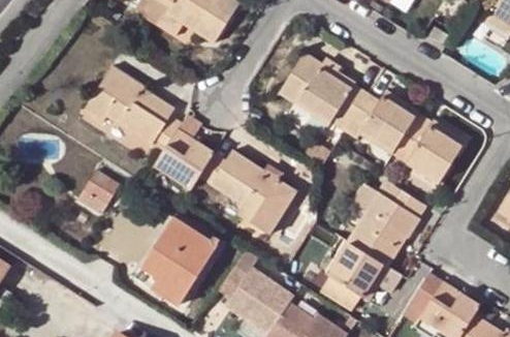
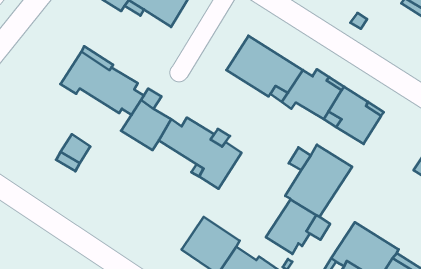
building: [129,215,217,305] -> none

